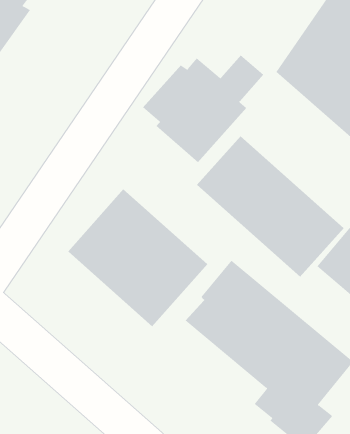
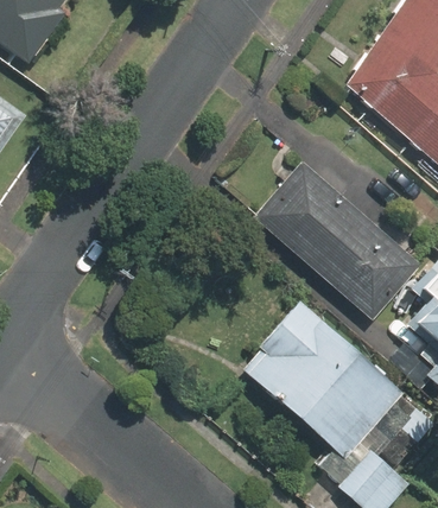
building: [142,55,264,163] -> none
building: [67,189,208,327] -> none

